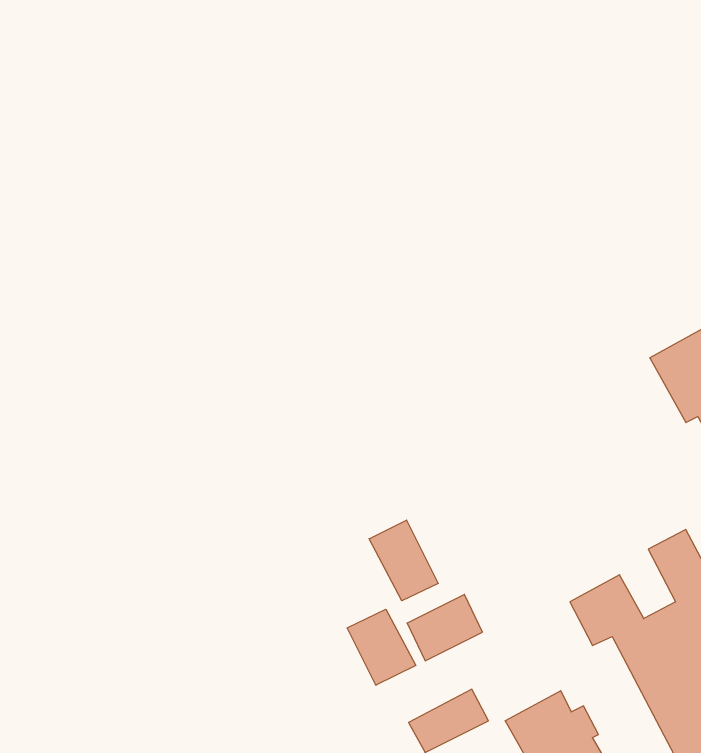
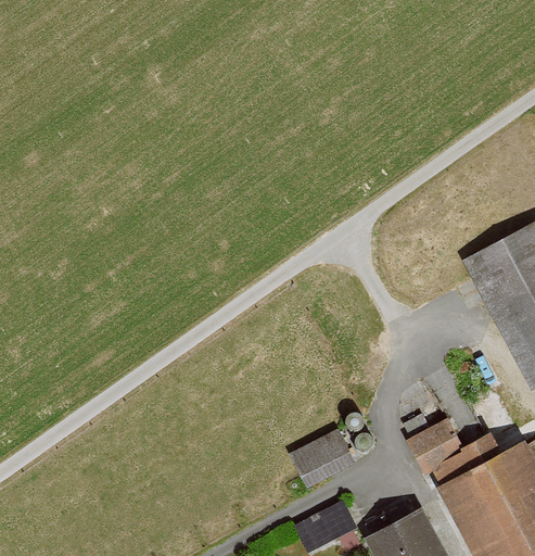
building: [369,520,438,601] -> none
building: [347,609,416,685] -> none

